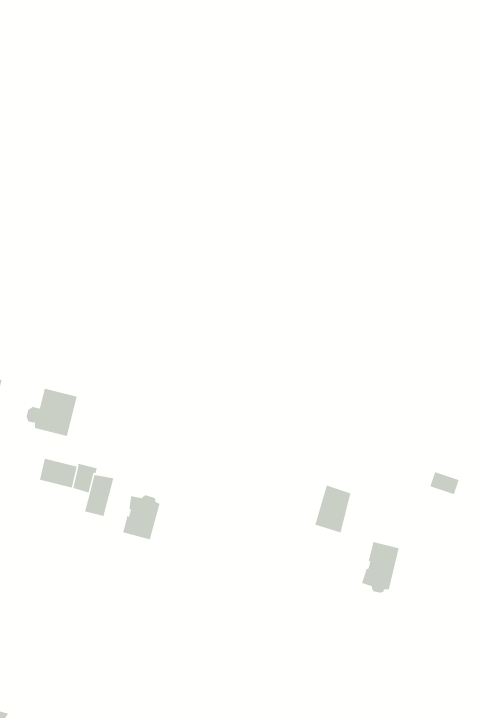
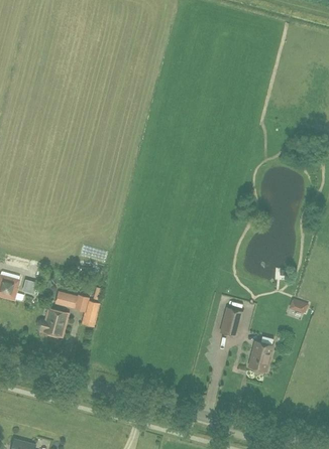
building: [26,388,78,436] -> [36,308,68,337]
building: [123,494,160,540] -> none

